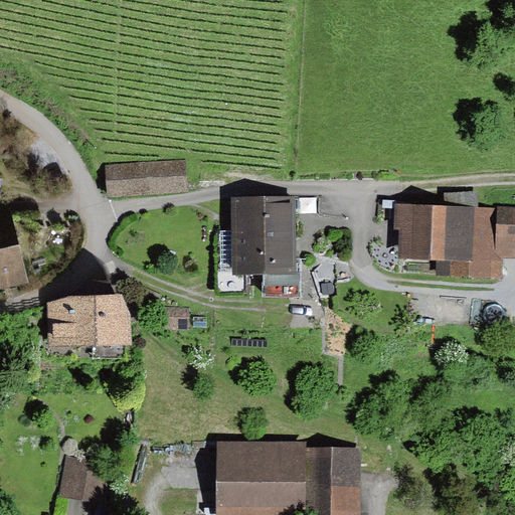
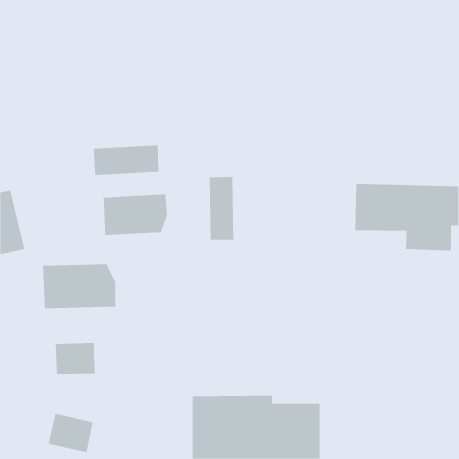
building: [261,197,294,293] -> none
building: none -> [103,194,168,236]
building: none -> [55,342,95,375]

